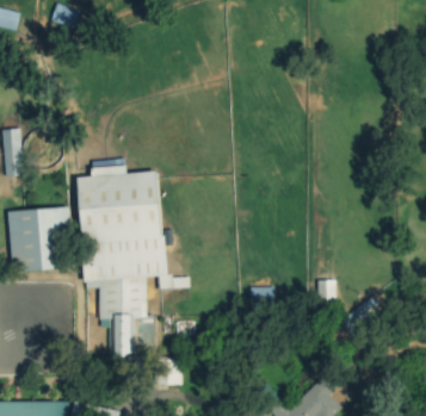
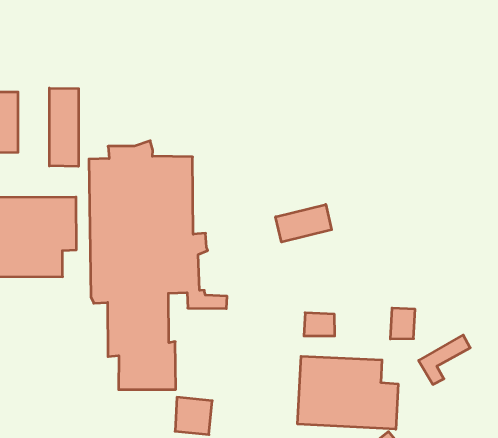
building: none -> [49,88,79,166]
building: none -> [276,204,332,242]
building: none -> [298,356,398,429]

